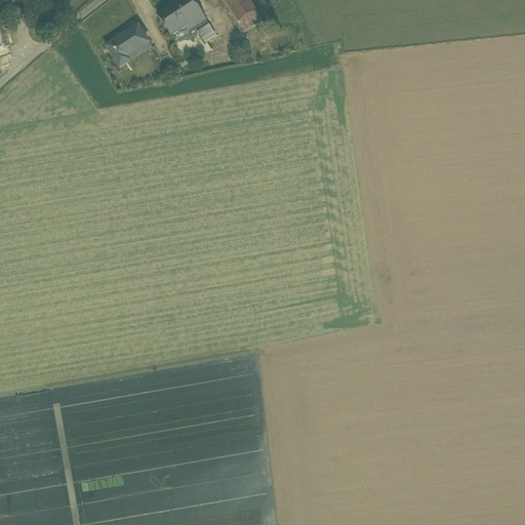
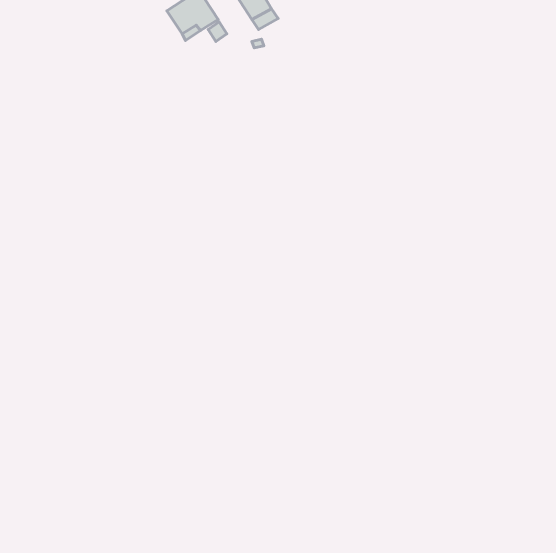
building: [106,23,148,65] -> none

